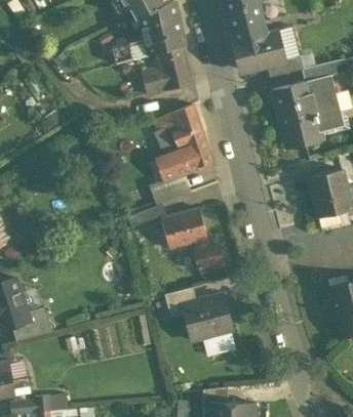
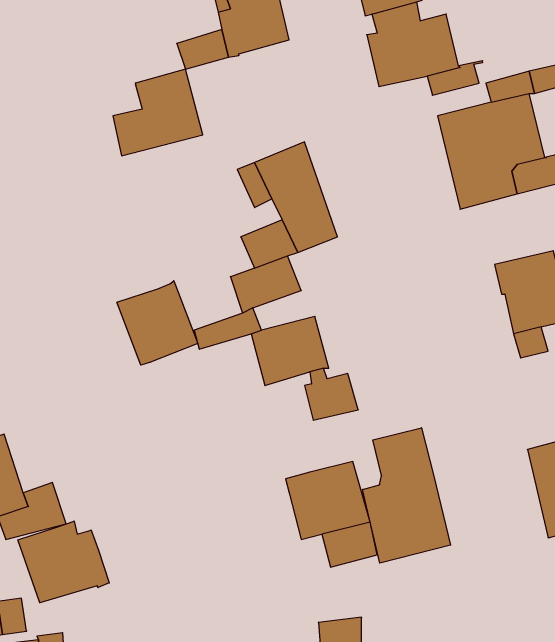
building: [141,43,194,94] -> [113,69,203,156]
building: none -> [117,281,198,365]
building: none -> [363,428,451,563]
building: [164,286,196,316] -> none
building: none -> [18,521,109,603]

